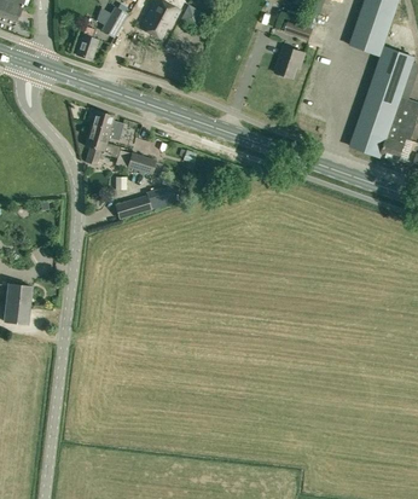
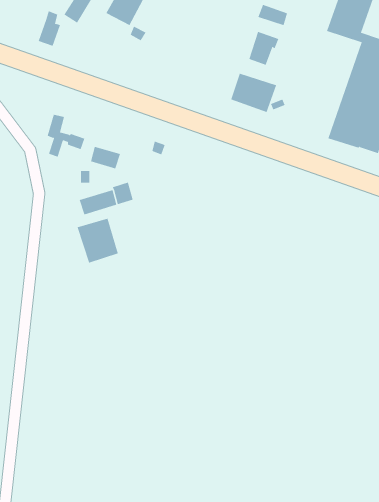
building: none -> [231,73,277,113]
building: [91,110,123,143] -> none
building: none -> [77,218,118,263]

